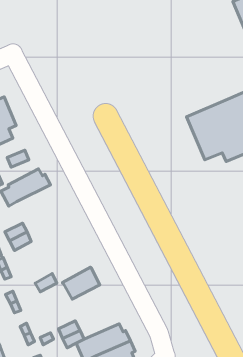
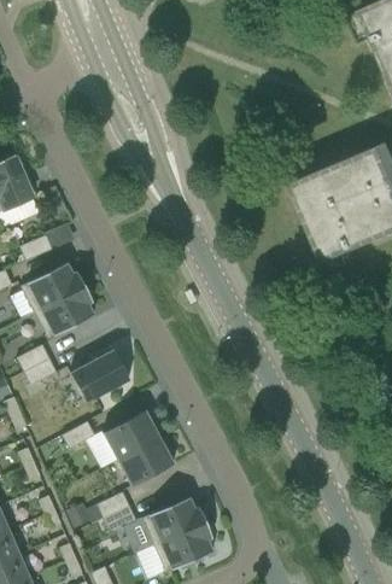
building: none -> [35,286,95,338]
building: none -> [71,349,130,402]
building: none -> [118,437,175,485]

